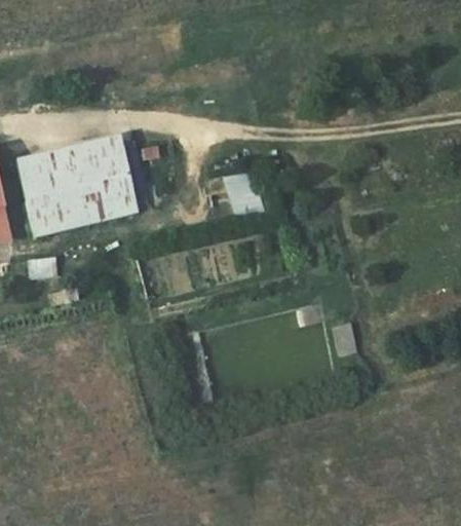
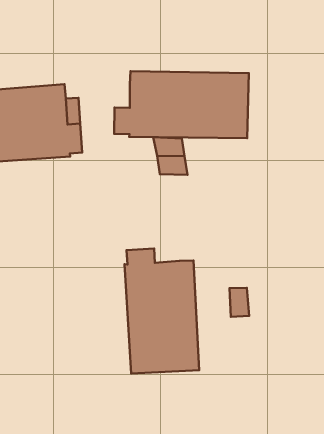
building: none -> [114,71,249,138]
building: none -> [125,249,199,374]

